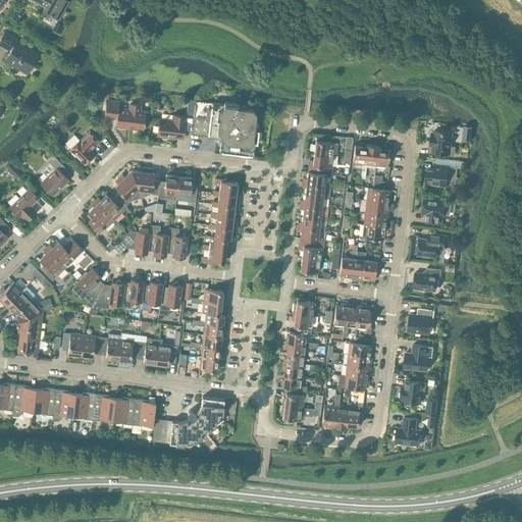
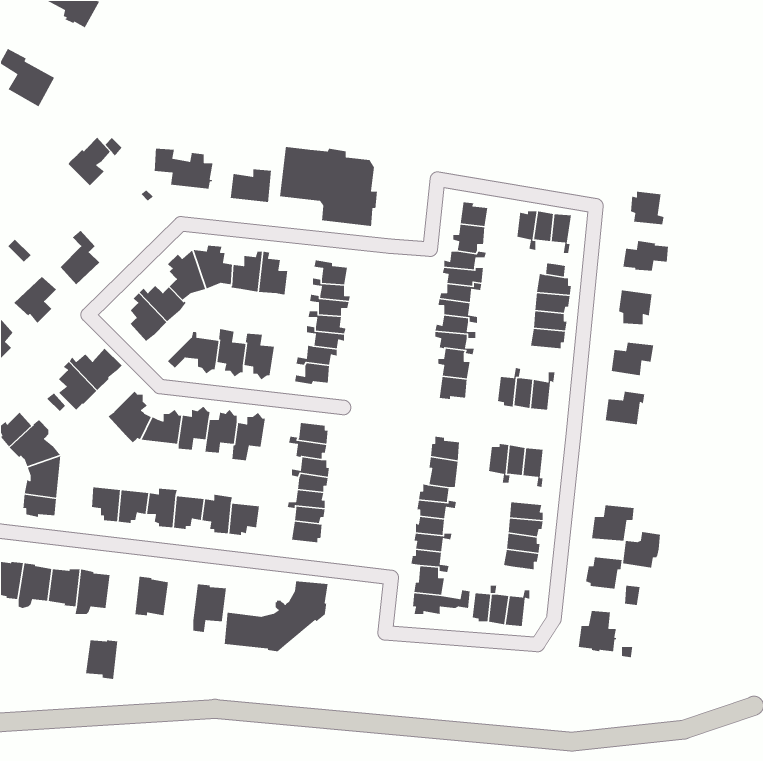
building: [69,132,99,165] -> [67,137,111,186]
building: [408,309,434,334] -> [622,531,661,568]
building: [72,394,95,421] -> [85,639,118,680]
building: [112,399,135,425] -> none

